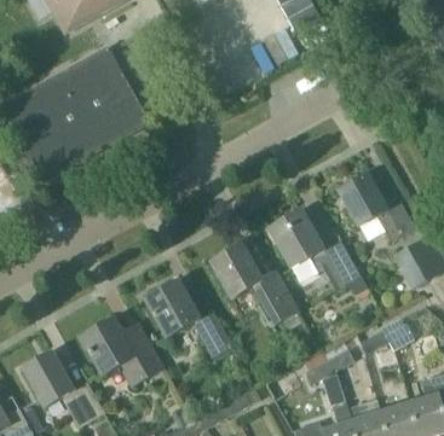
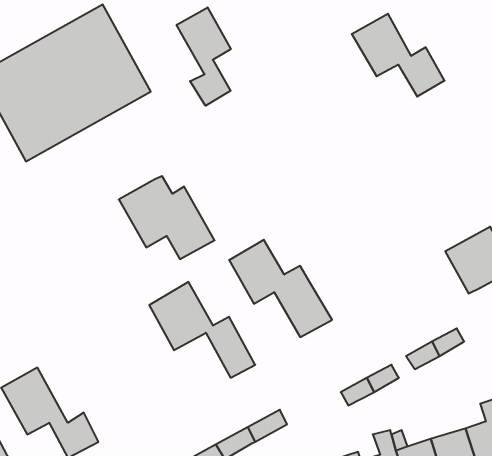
building: none -> [177,7,231,106]
building: [338,173,415,242] -> [352,14,445,97]
building: [270,210,367,293] -> none
building: [81,314,161,383] -> [119,176,215,259]

